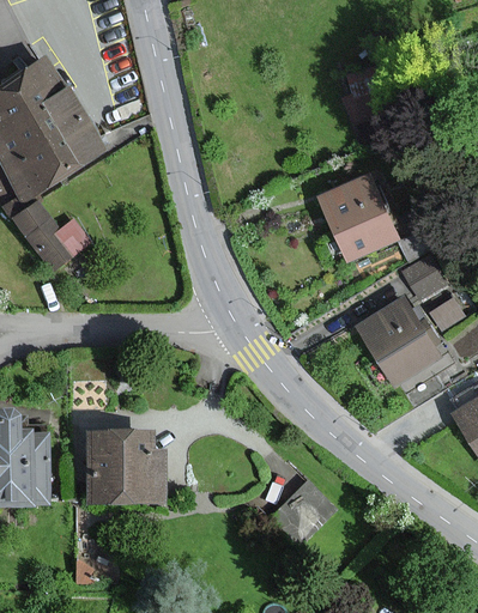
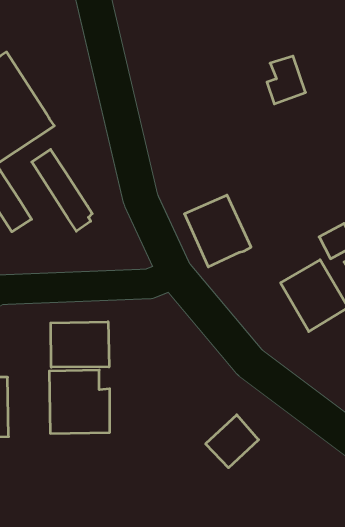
building: none -> [32,149,92,231]
building: [316,177,393,260] -> [184,195,251,267]
building: none -> [51,322,109,367]

